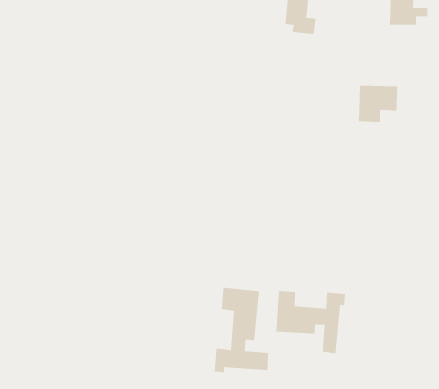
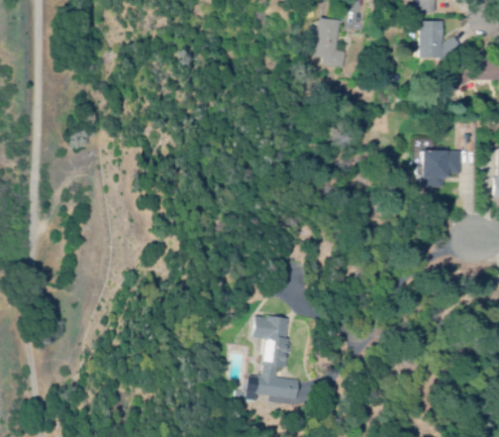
building: [358,85,398,123] -> [421,149,461,187]
building: [275,290,346,354] -> none

